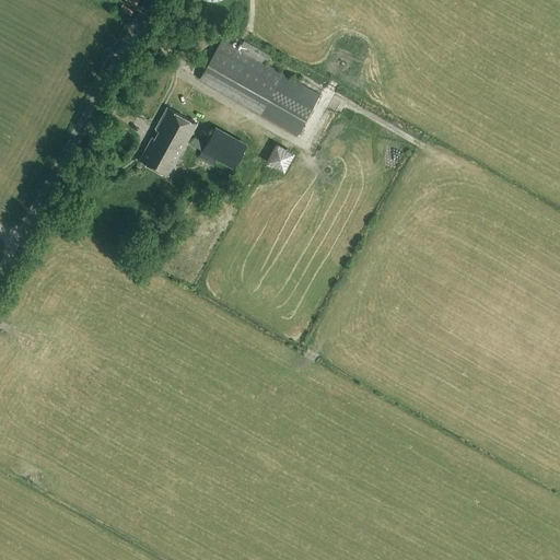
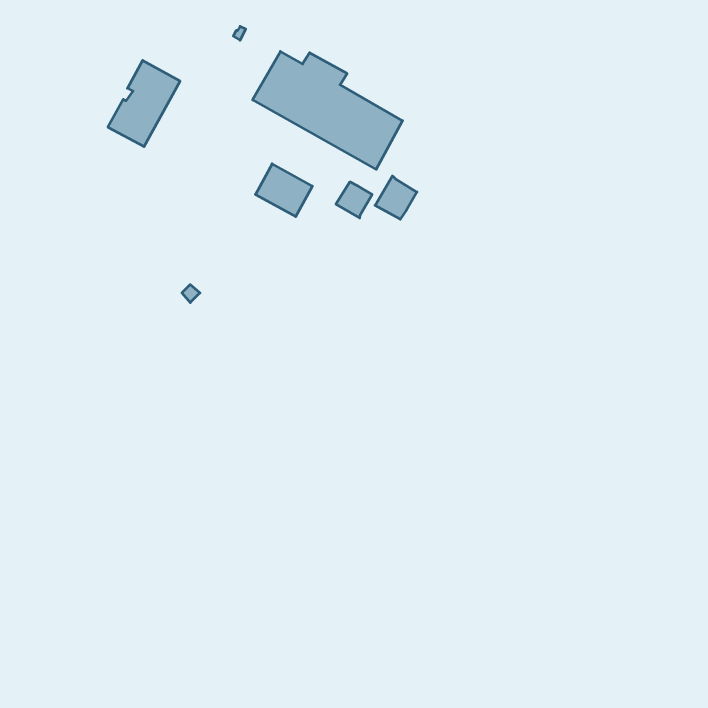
building: [139,108,196,176] -> [108,60,180,147]
building: none -> [375,176,417,219]

